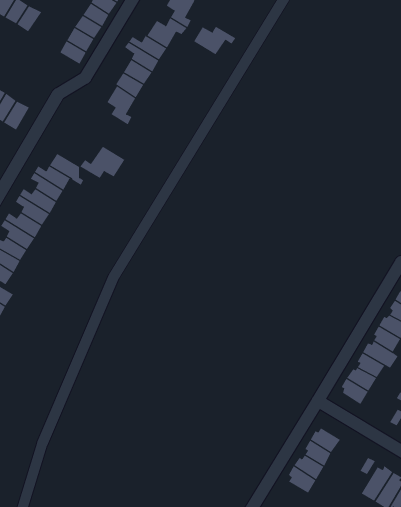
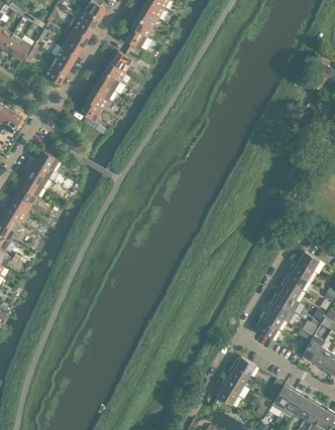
building: [193,26,236,55] -> none
building: [80,146,126,179] -> none

